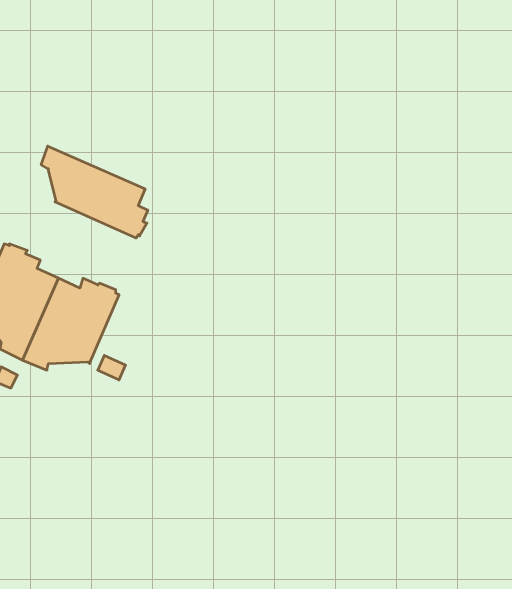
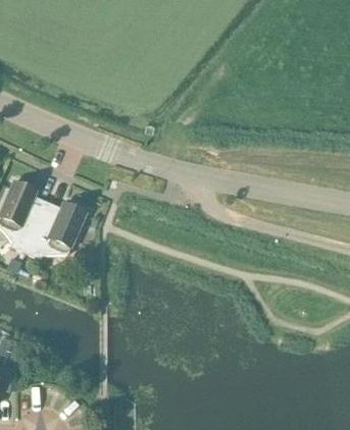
building: [41,146,148,238] -> none

